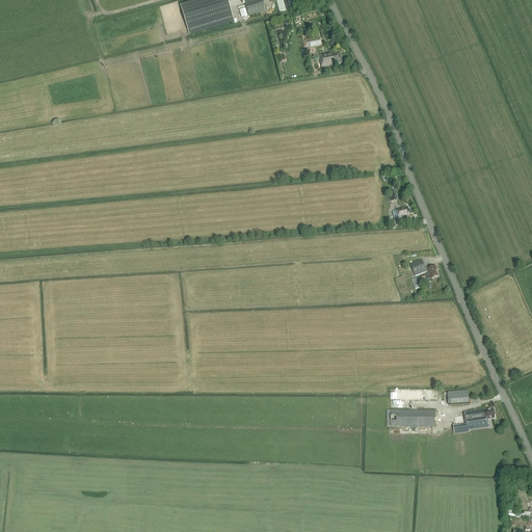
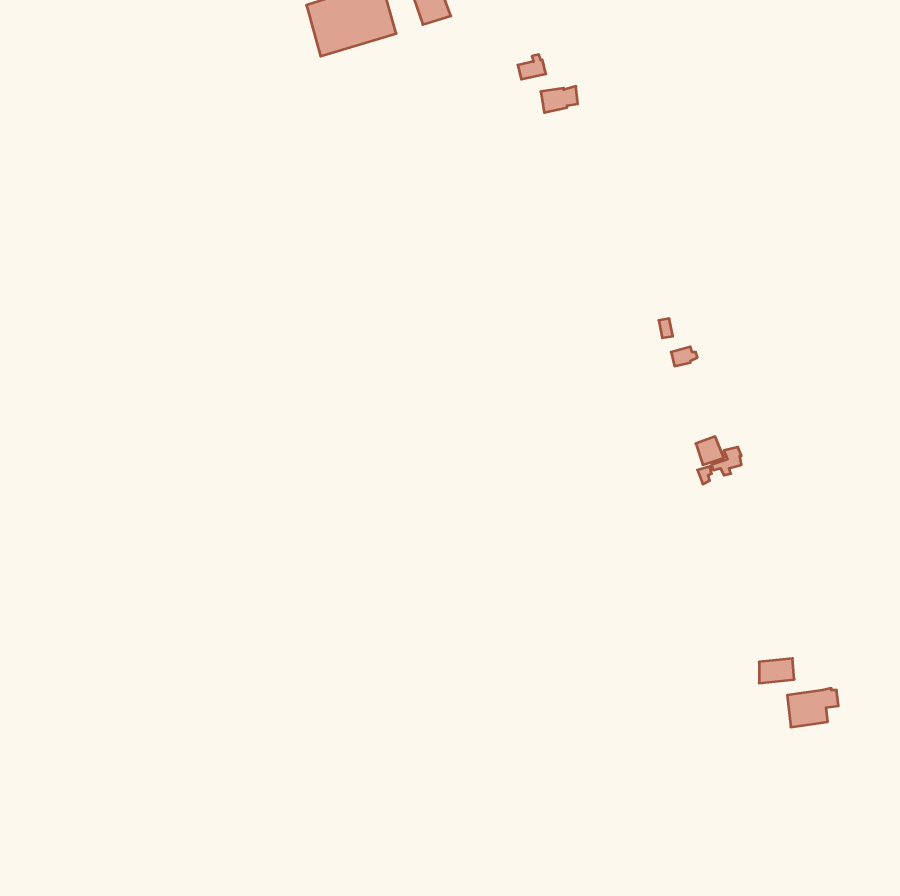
building: [387,408,435,425] -> none

